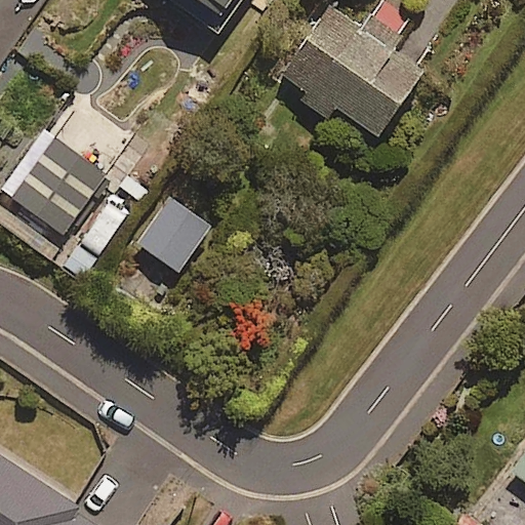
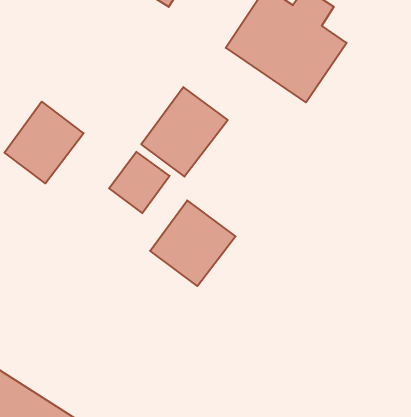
building: none -> [141,87,228,177]
building: none -> [150,200,236,286]

